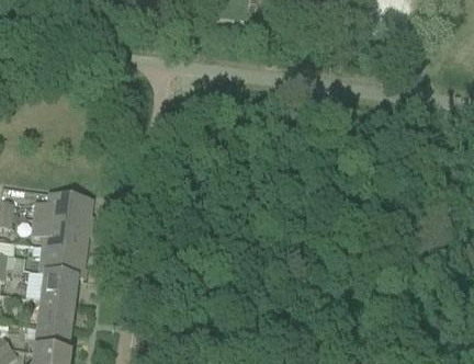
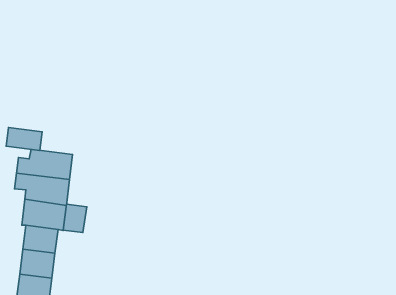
building: none -> [6,127,42,150]
building: none -> [63,204,87,232]

